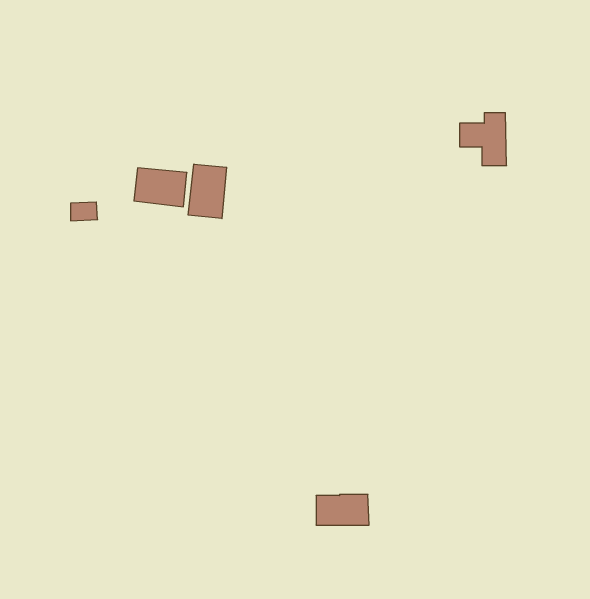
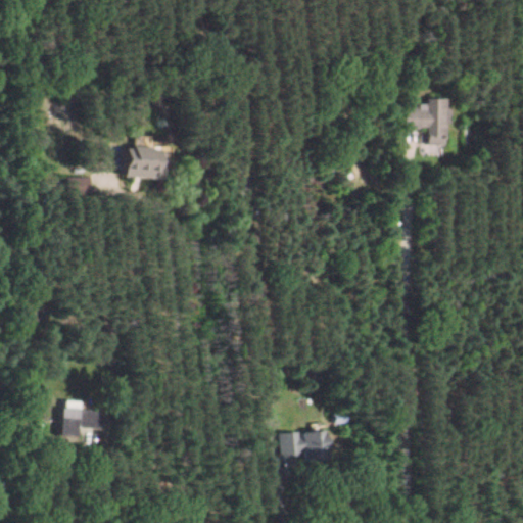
building: [188,164,227,219] -> none
building: none -> [61,407,104,436]

